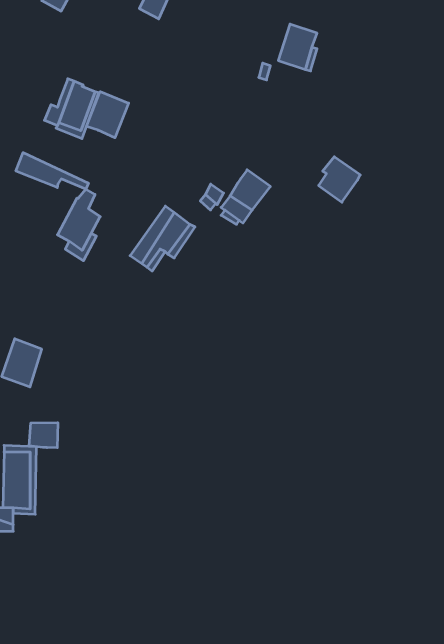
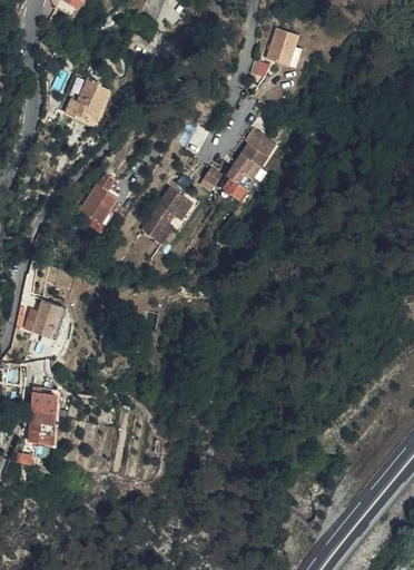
building: [87,92,129,138] -> none
building: [16,153,88,189] -> none
building: [319,157,360,202] -> [238,130,274,169]
building: [29,423,58,448] -> none

